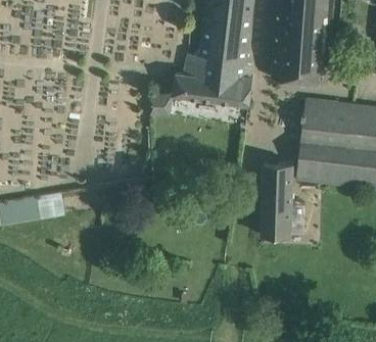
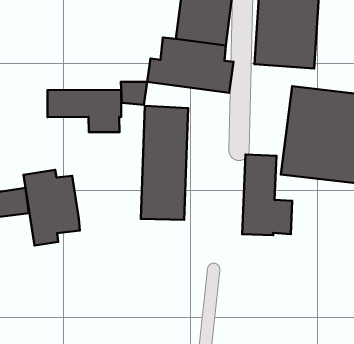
building: none -> [48,90,121,132]
building: none -> [141,106,188,220]
building: none -> [24,170,80,246]

